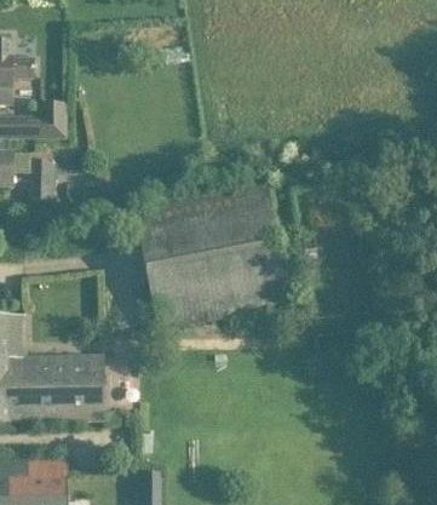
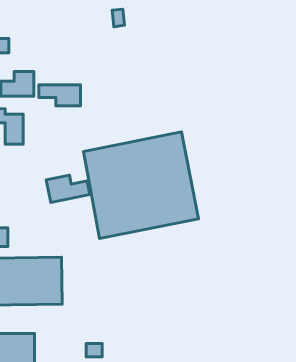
building: none -> [39,85,81,106]
building: none -> [46,175,90,202]

